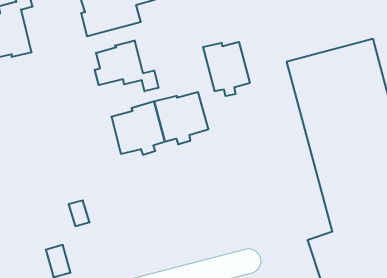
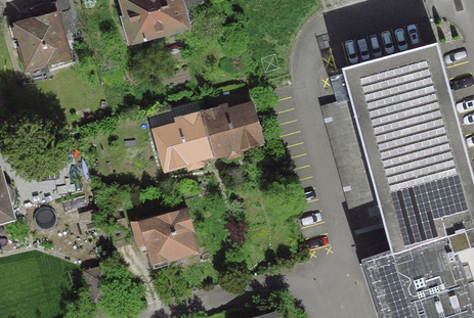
building: [95,40,158,91] -> none
building: [203,42,250,96] -> none
building: none -> [131,208,195,269]

